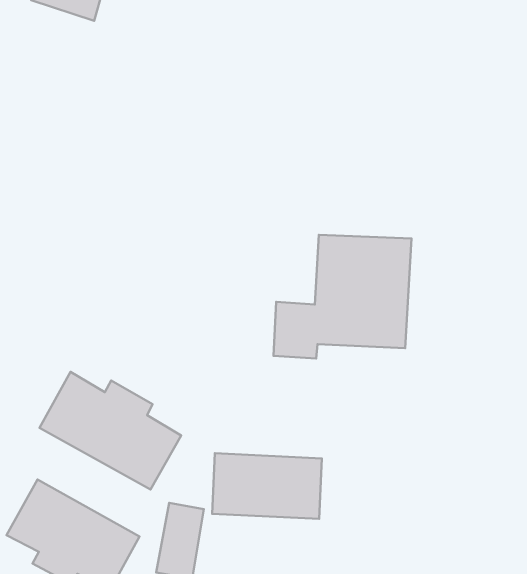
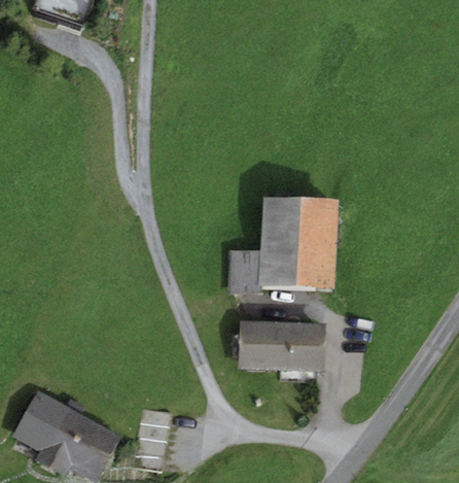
building: [40,372,181,490] -> none
building: [212,453,322,519] -> [237,318,324,371]

